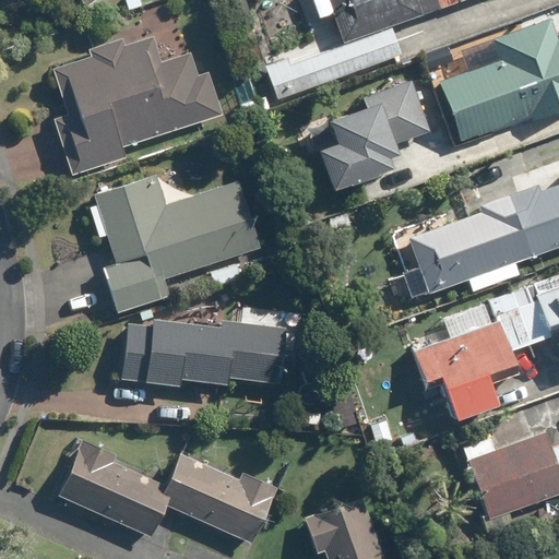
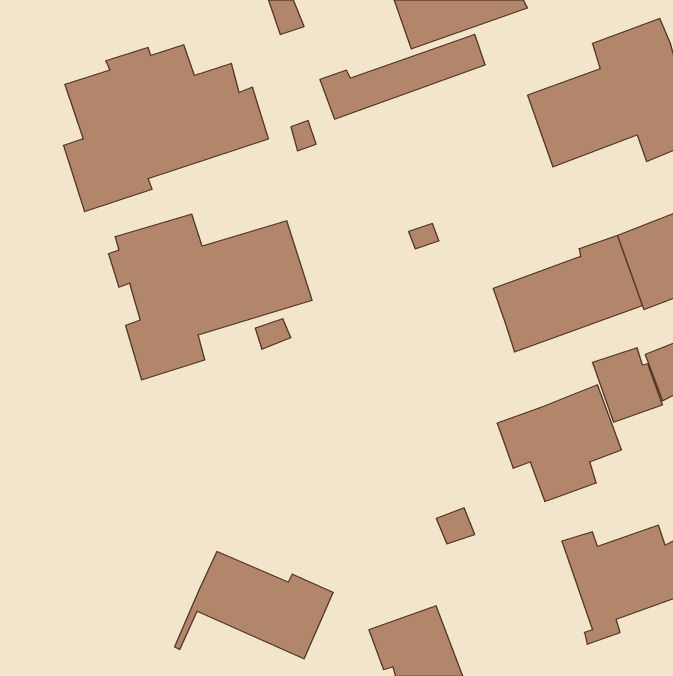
building: [311,81,426,187] -> none
building: [122,309,285,386] -> none
building: [59,439,167,534] -> none

